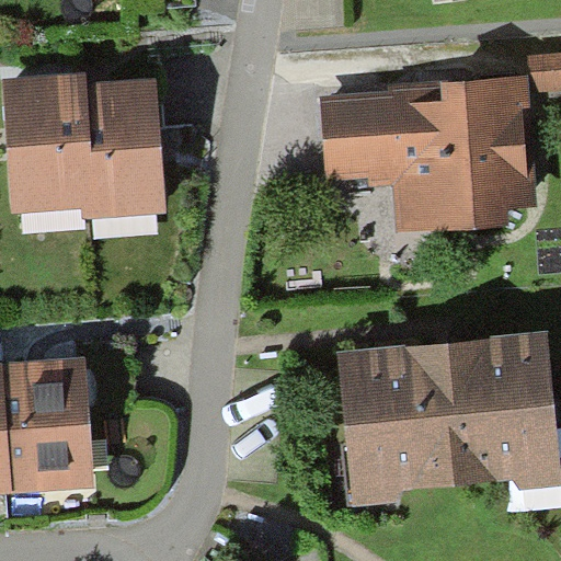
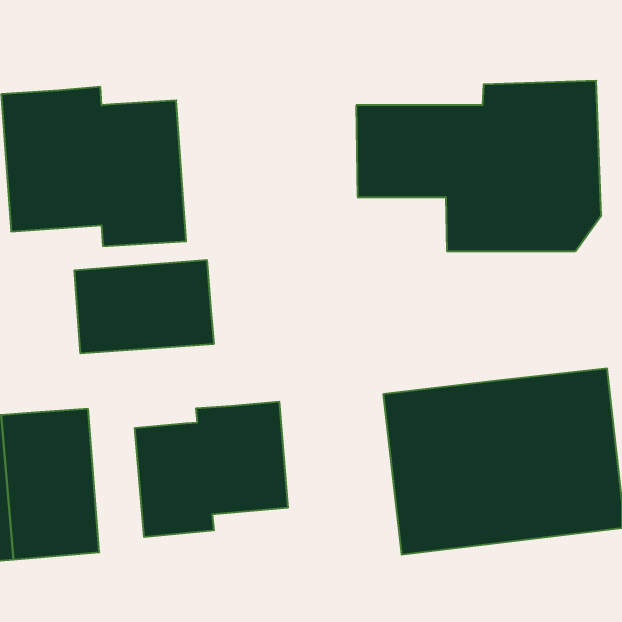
building: none -> [75,260,214,353]
building: none -> [135,402,288,537]

